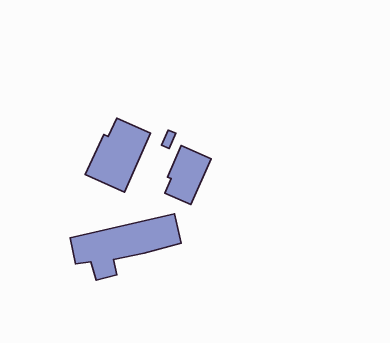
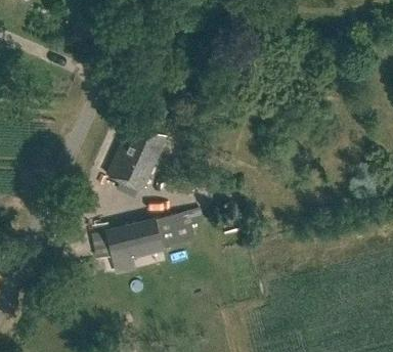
building: [165,145,211,204] -> none

